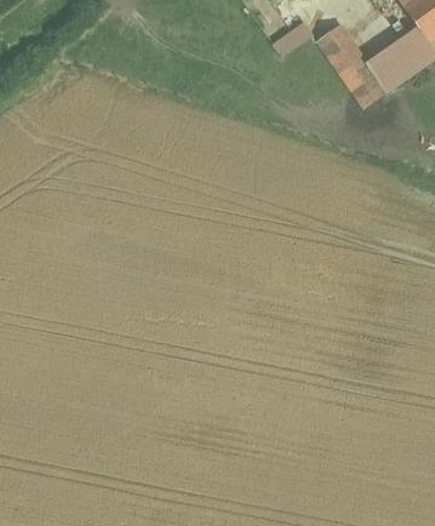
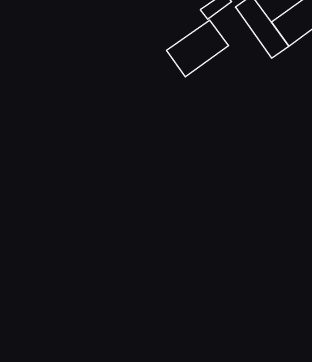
building: none -> [167,20,229,77]

